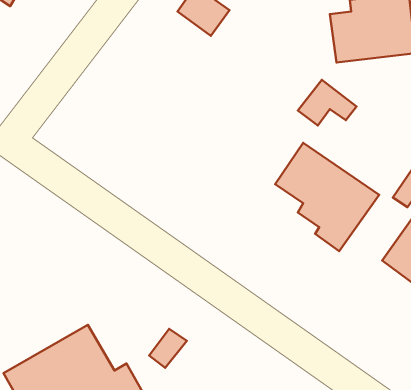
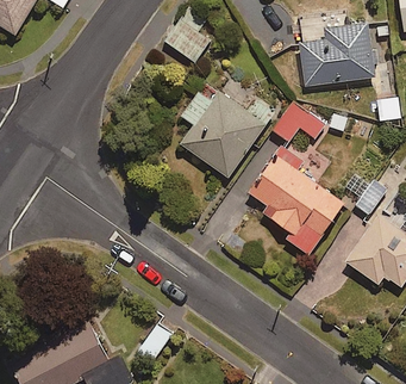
building: none -> [181,91,276,178]

